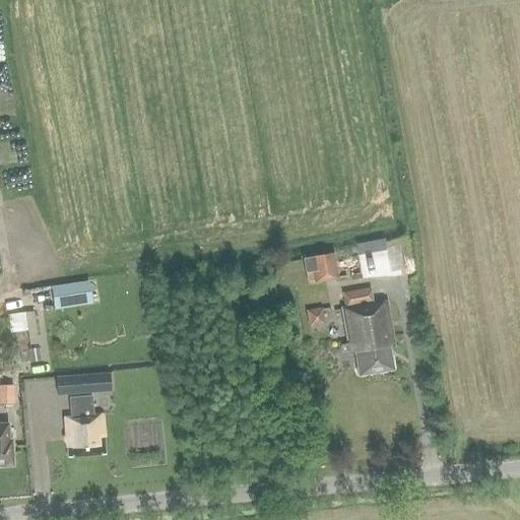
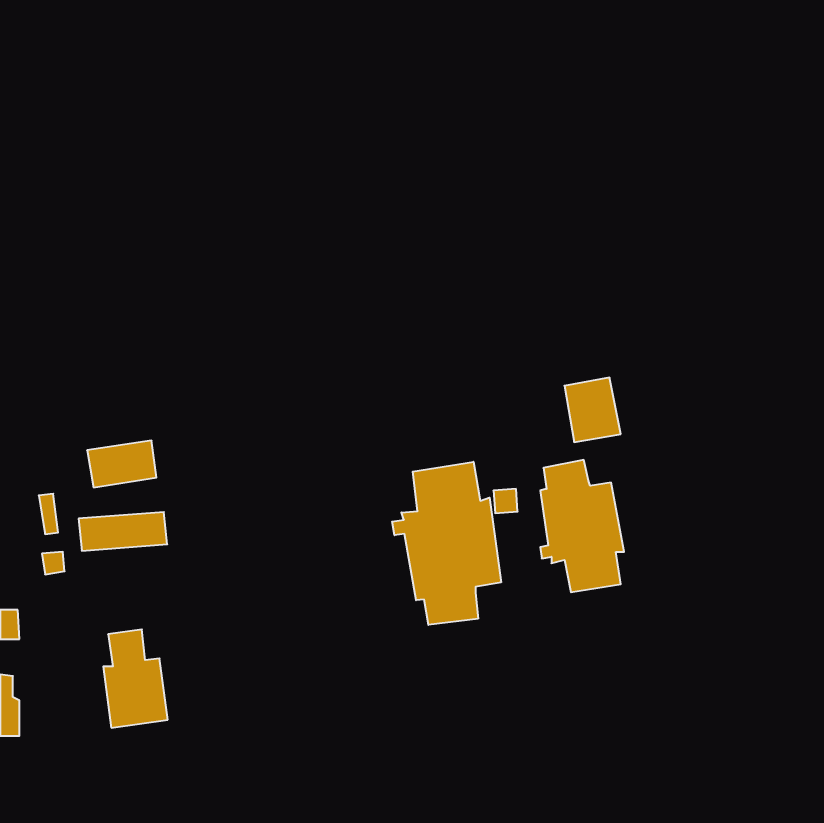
building: [303,252,339,282] -> none
building: none -> [392,462,501,625]
building: [55,372,111,396] -> [79,512,167,551]

